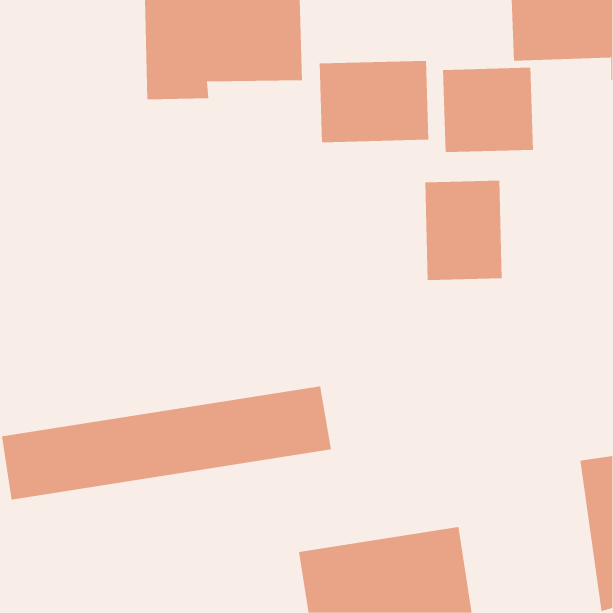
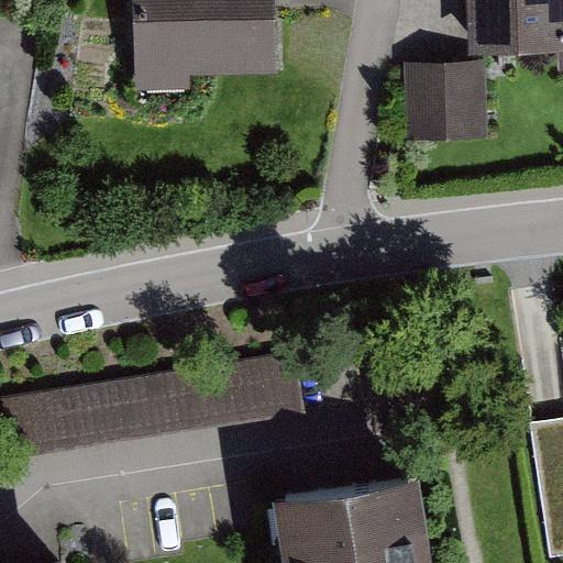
building: [319,60,429,143] -> none
building: [425,180,502,281] -> none

